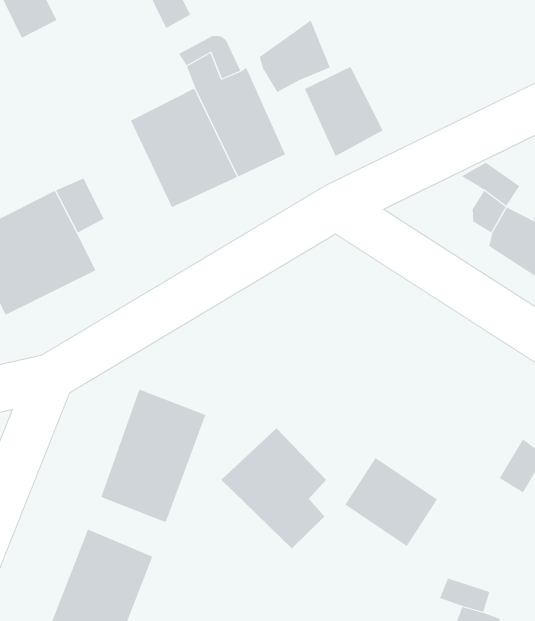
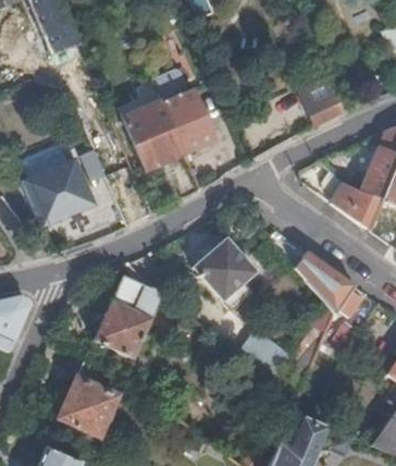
building: [259,20,330,93] -> none
building: [304,66,383,157] -> [298,73,344,126]
building: none -> [294,250,348,311]
building: [221,428,327,549] -> [193,237,256,310]

